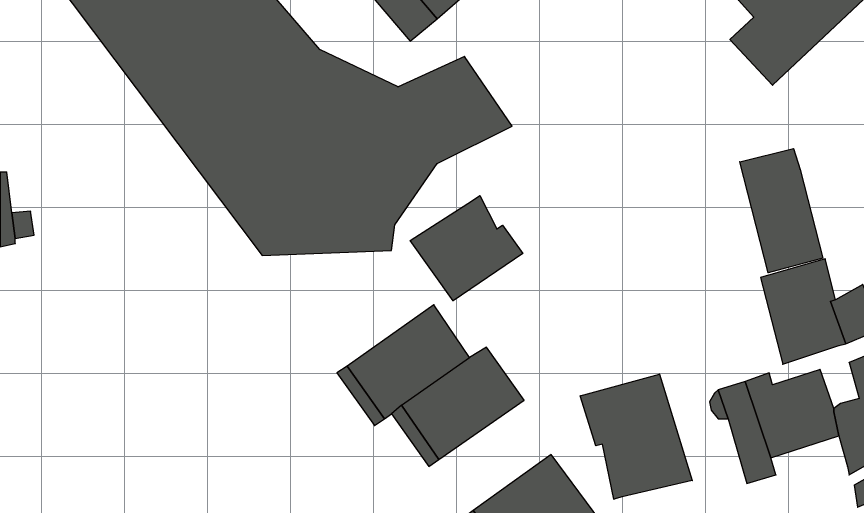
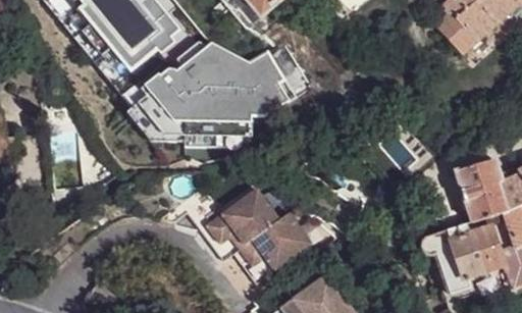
building: [740,149,823,273] -> none
building: [410,196,523,301] -> none
building: [580,374,692,499] -> none

